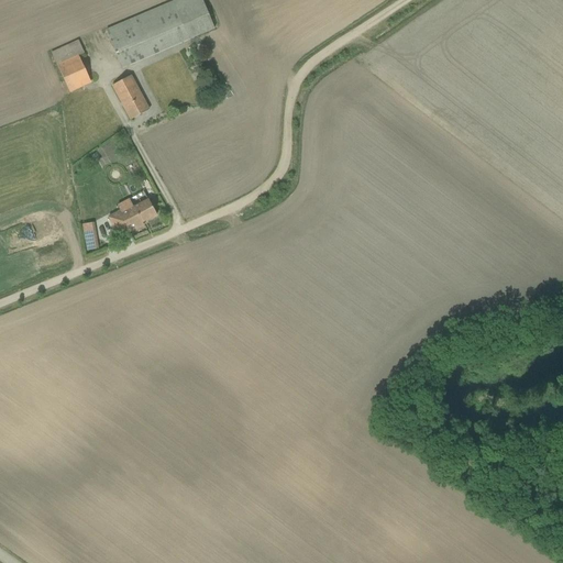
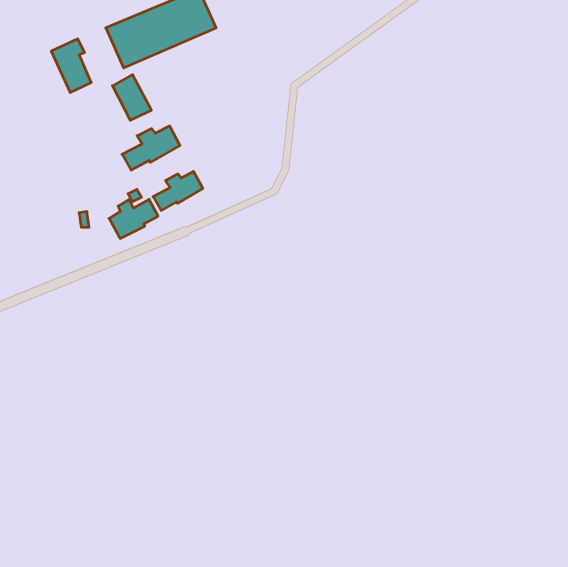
building: none -> [122,126,180,170]
building: none -> [153,171,203,210]

